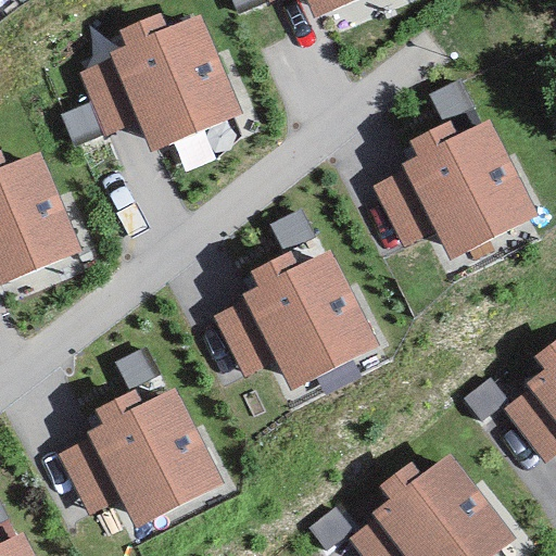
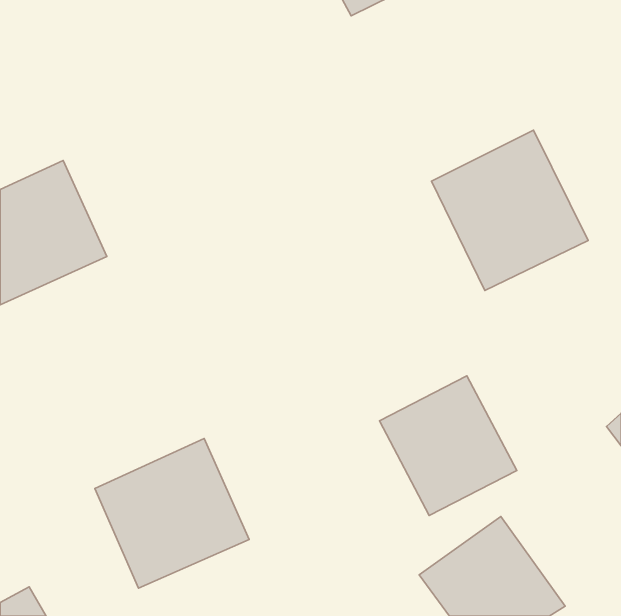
building: [113,26,232,151] -> none
building: [241,267,364,392] -> [379,376,517,516]

